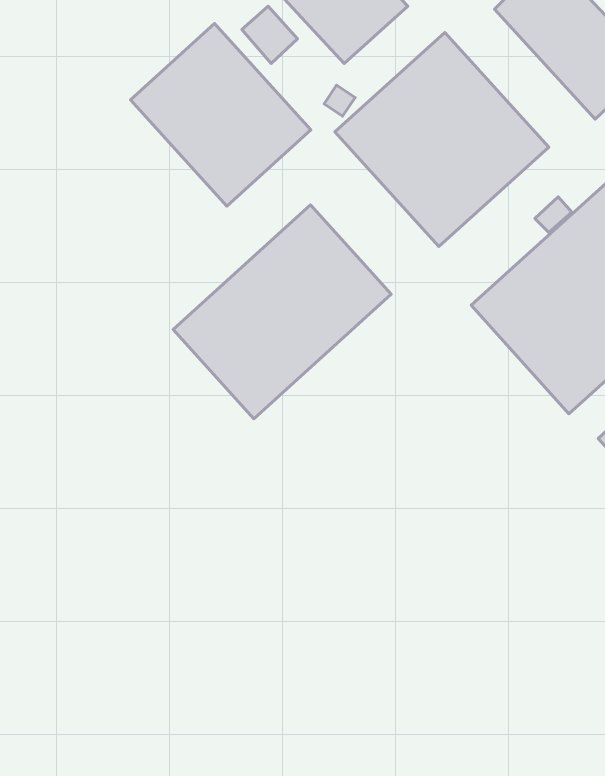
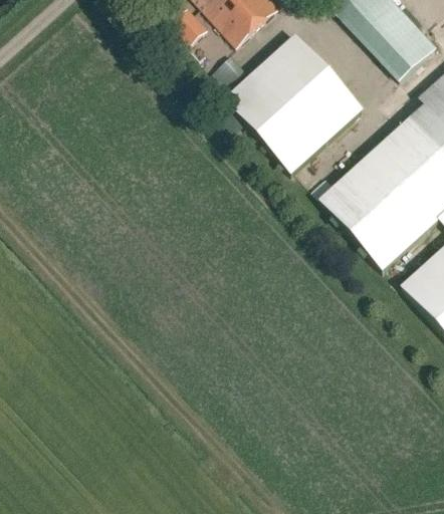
building: [131,23,311,206] -> none
building: [173,205,391,419] -> none

